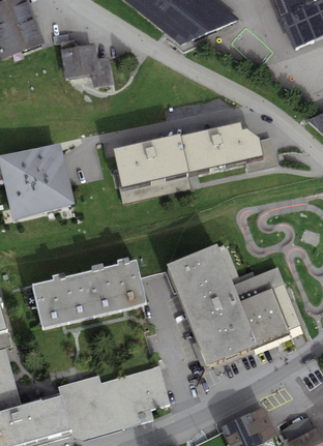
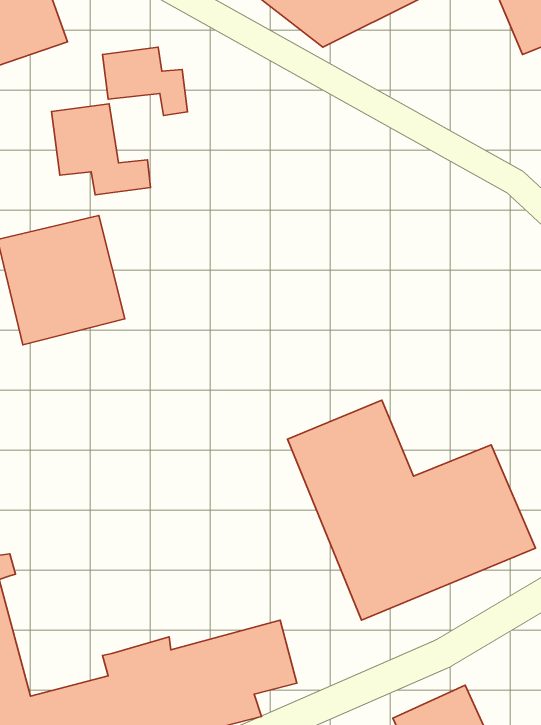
building: none -> [52,104,150,195]
building: [110,126,261,202] -> none
building: [33,262,145,327] -> none

